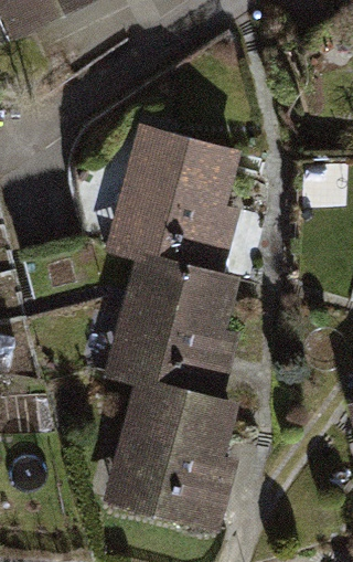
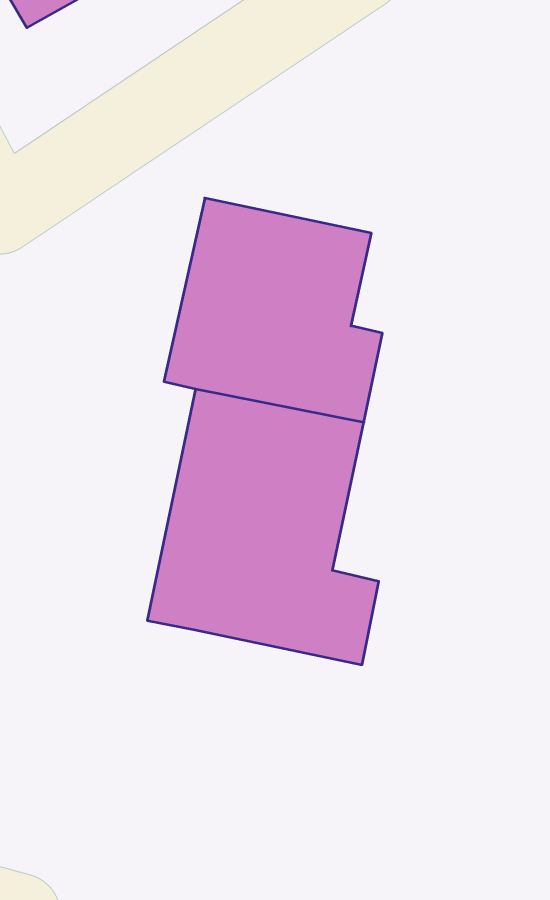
building: [105,389,235,536] -> none

